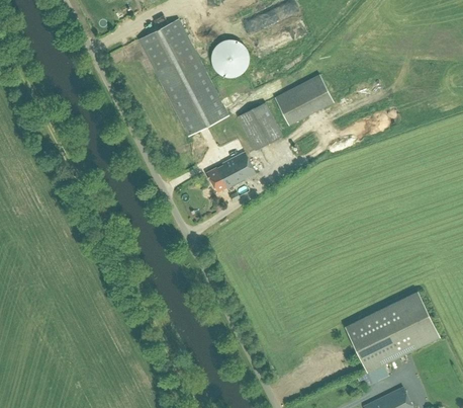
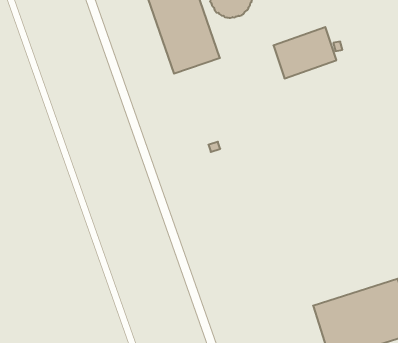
building: [235,100,285,149] -> none
building: [206,152,254,191] -> none

